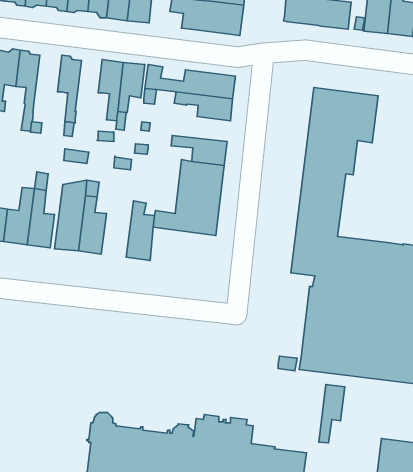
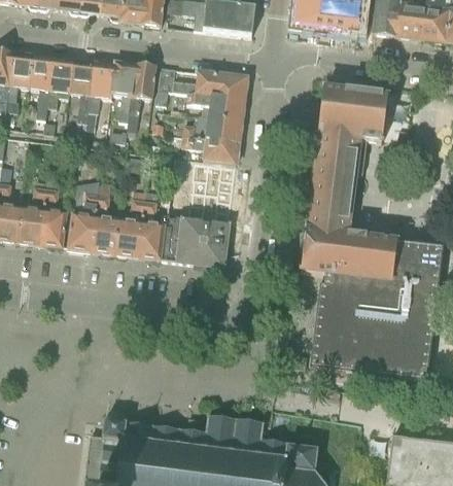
building: none -> [46,56,74,108]
building: none -> [88,60,114,120]
building: none -> [183,115,241,142]
building: none -> [113,200,145,256]
building: none -> [162,227,226,267]
building: [319,385,345,443] -> none

